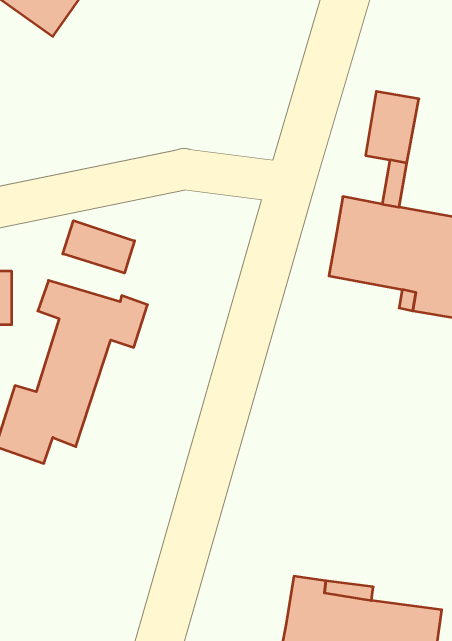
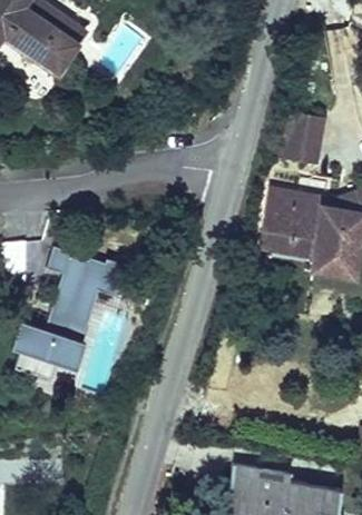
building: [63,221,135,273] -> none

